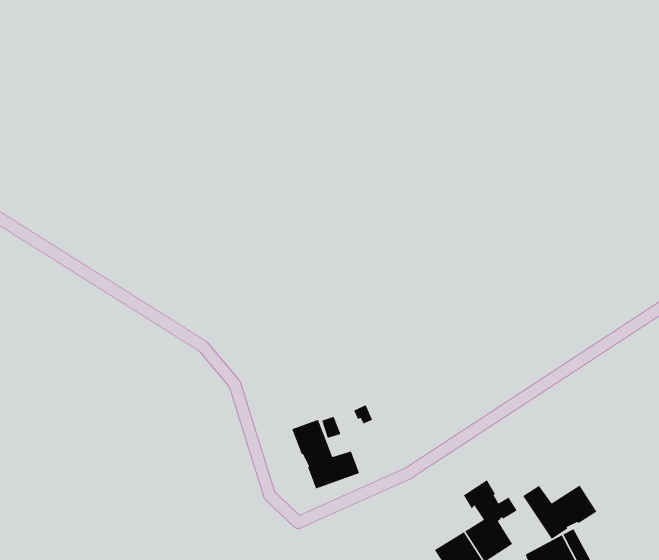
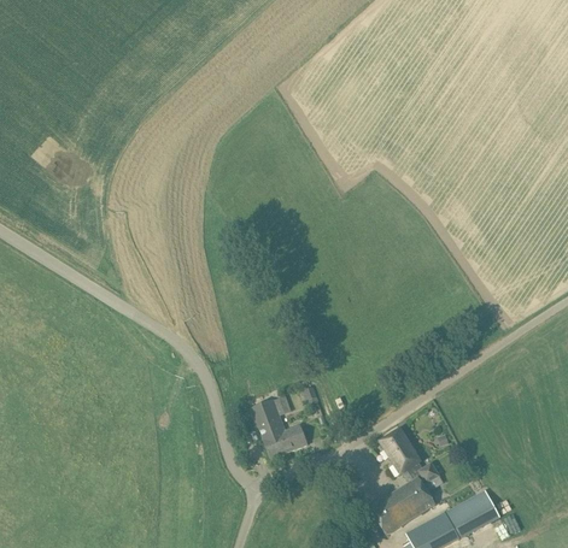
building: none -> [379,428,412,461]
building: [522,485,598,540] -> none

